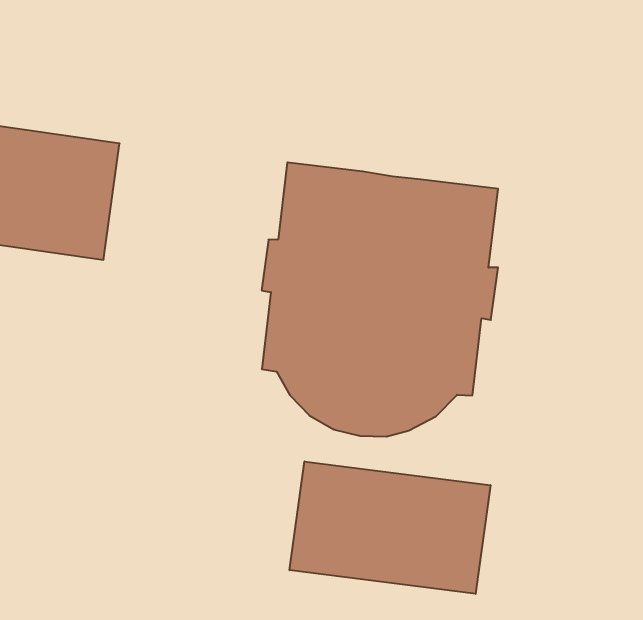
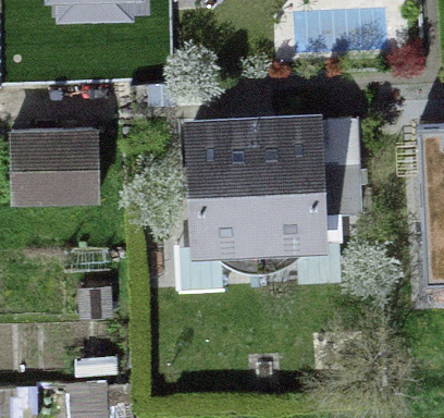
building: [290,461,490,594] -> none

